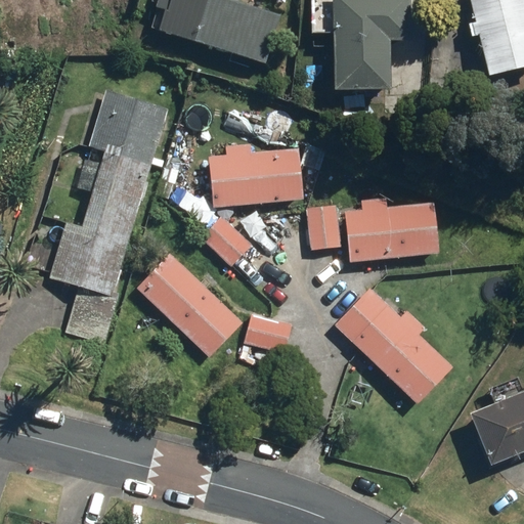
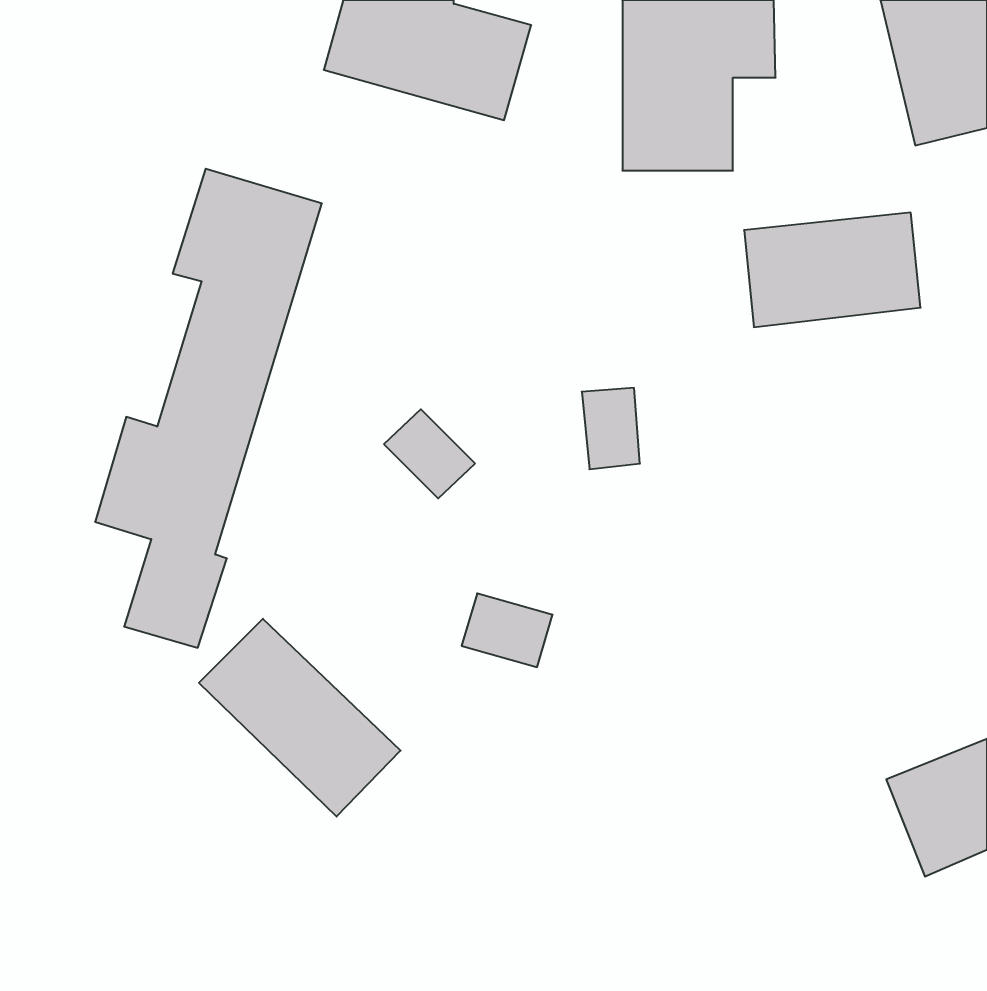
building: [209,147,304,207] -> none
building: [345,201,438,261] -> [744,213,921,327]
building: [136,252,243,356] -> [199,619,401,817]
building: [334,286,452,403] -> none

